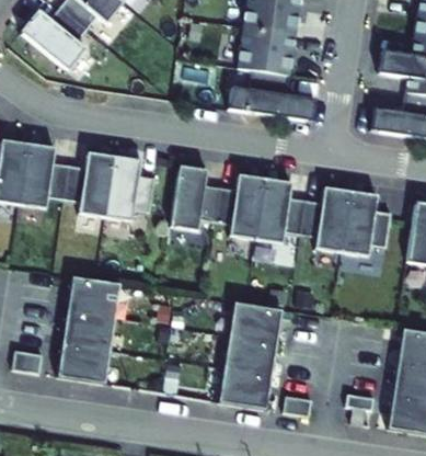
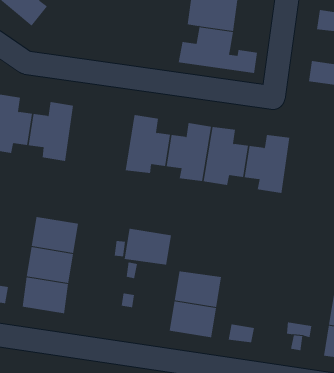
building: [105,156,156,220] -> none
building: [342,191,391,256] -> none
building: [229,303,281,343] -> [124,228,172,265]

